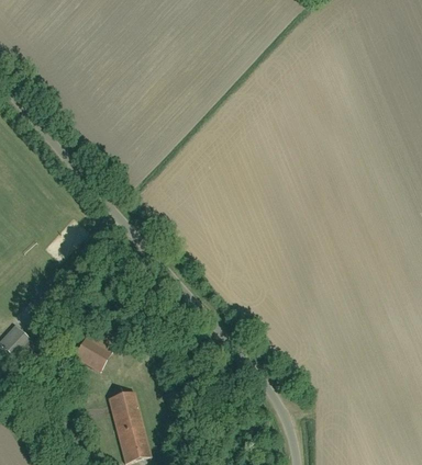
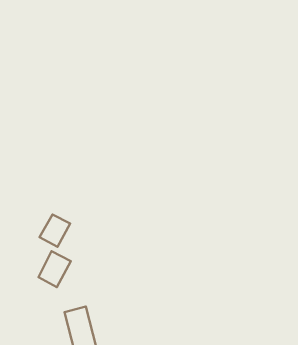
building: none -> [39,214,70,247]

